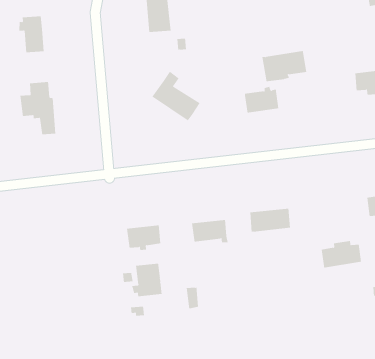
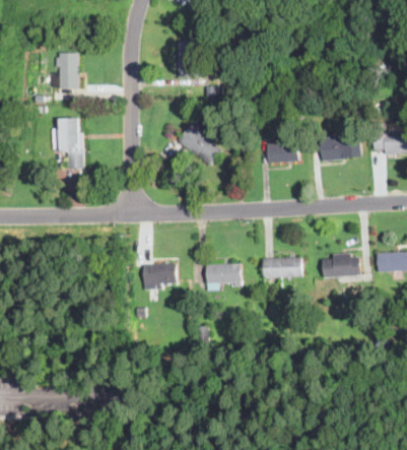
building: [262,50,307,82] -> [318,135,360,163]
building: [321,241,362,268] -> [321,254,359,278]
building: [131,263,162,297] -> none

